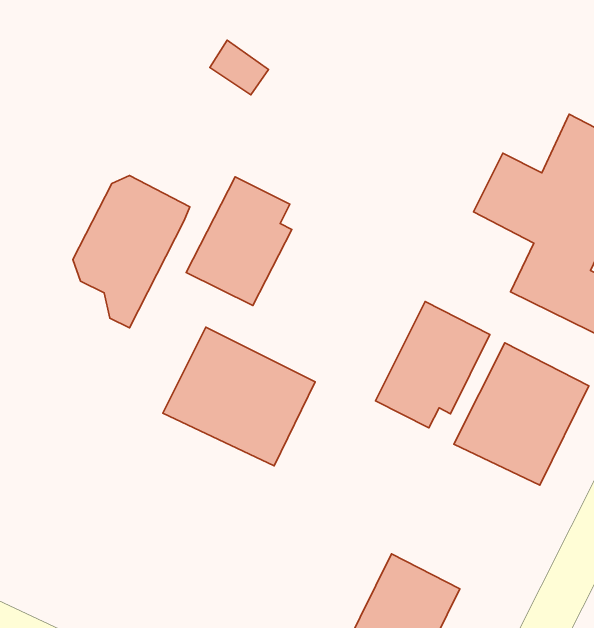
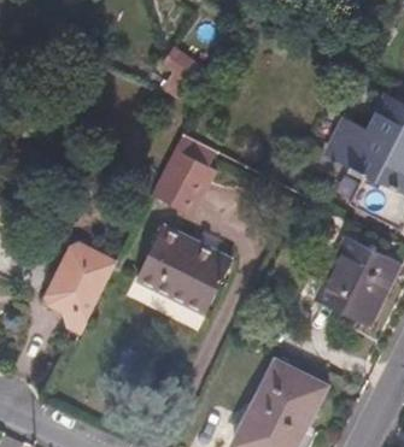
building: [73,176,190,328] -> [45,242,117,336]
building: [376,302,490,428] -> none

